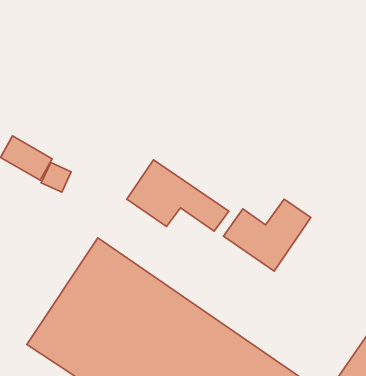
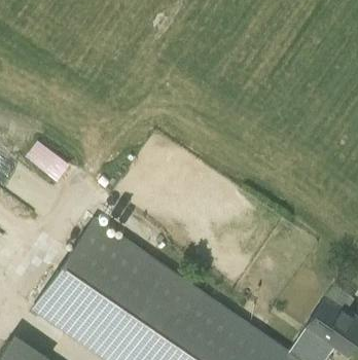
building: [127,160,229,231] -> none
building: [224,199,311,271] -> none

